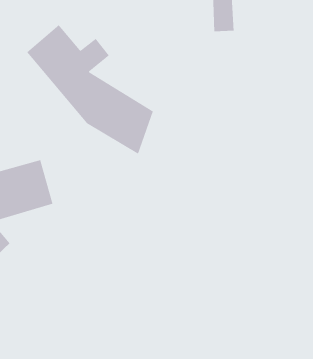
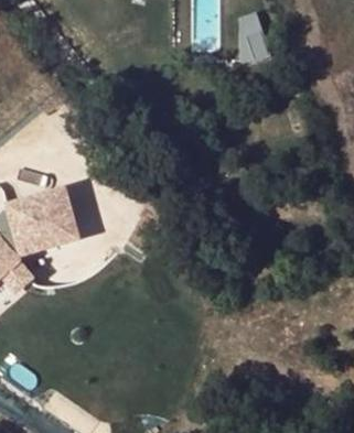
building: [26,24,154,155] -> none

